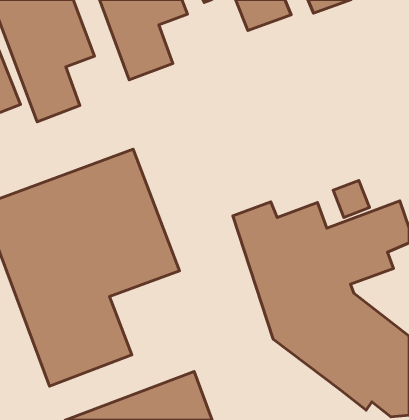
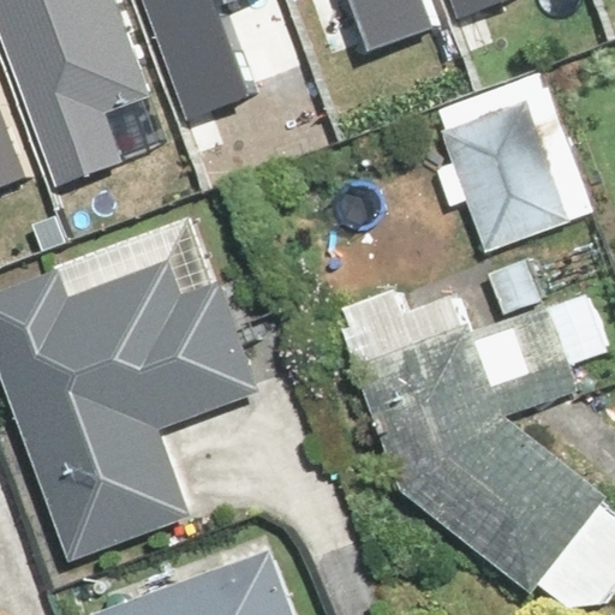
building: none -> [434,72,592,255]

